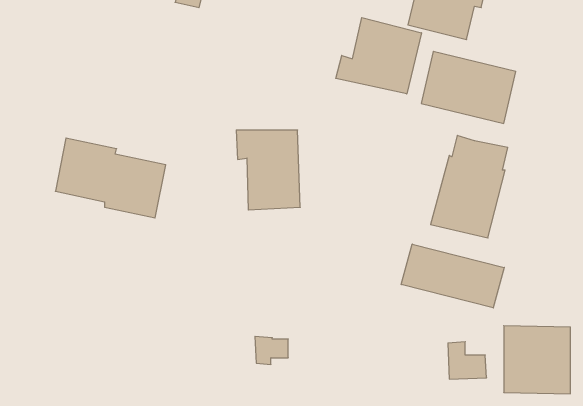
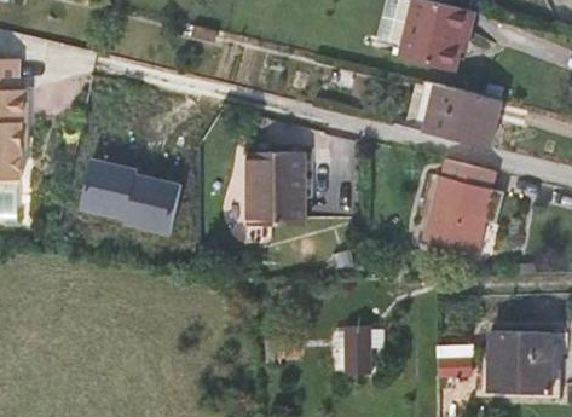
building: [336,18,421,94] -> none
building: [401,244,504,308] -> none
building: none -> [345,325,372,370]

